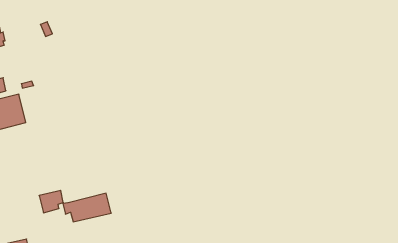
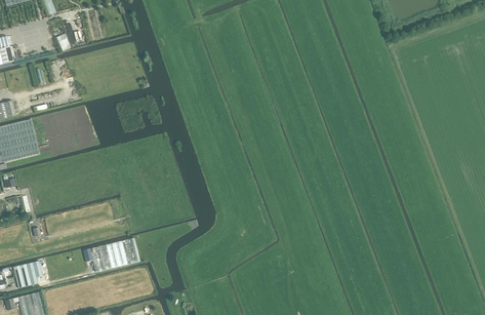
building: [39,190,63,213] -> [12,260,41,286]

